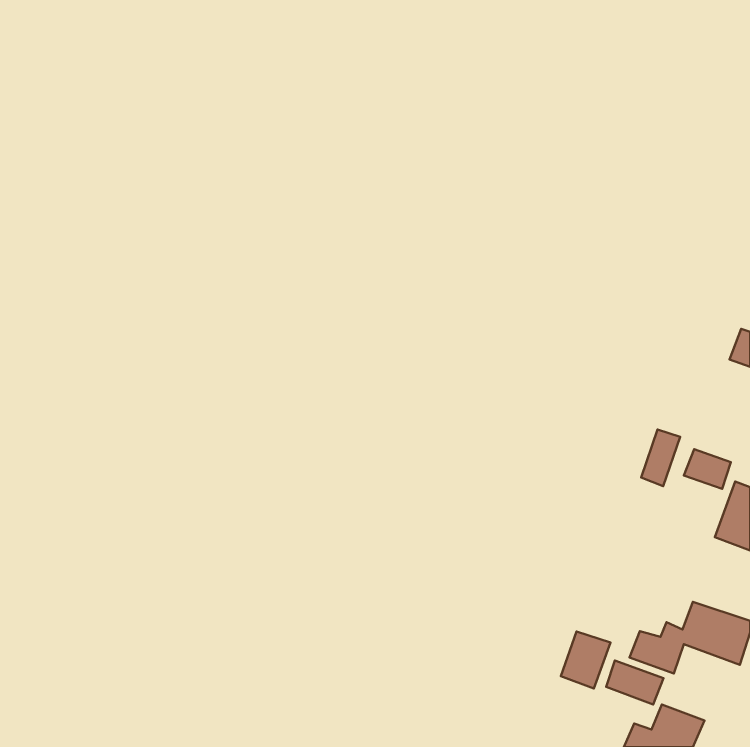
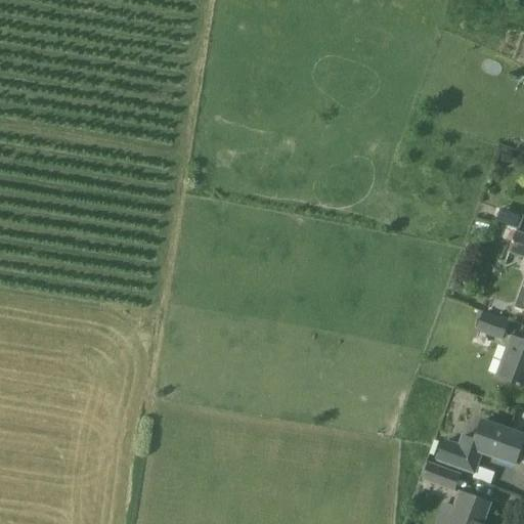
building: [641,430,680,486] -> none
building: [561,631,611,689] -> none

